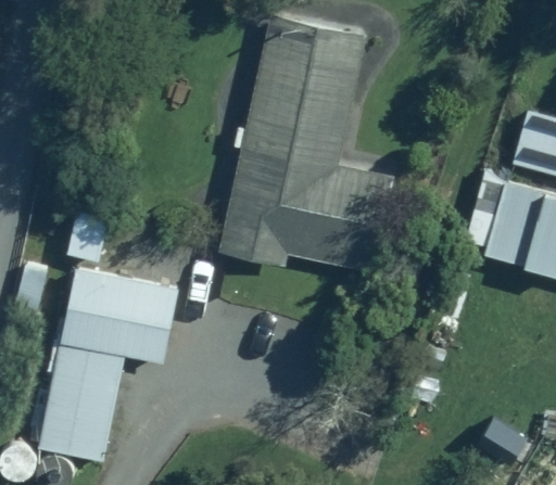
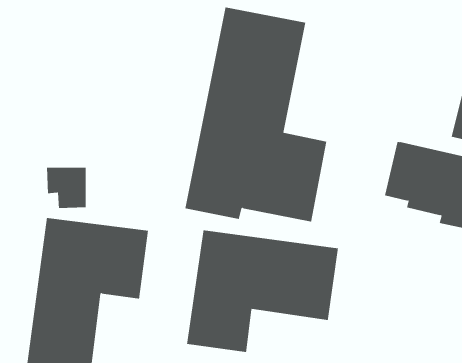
building: none -> [187,230,339,353]

